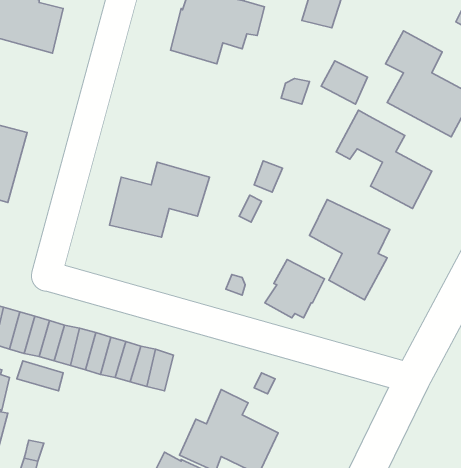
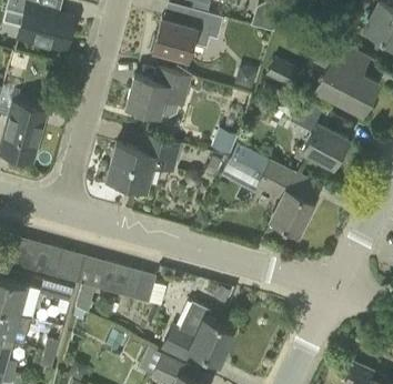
building: none -> [125,68,192,119]
building: [265,260,325,318] -> [222,145,266,189]

